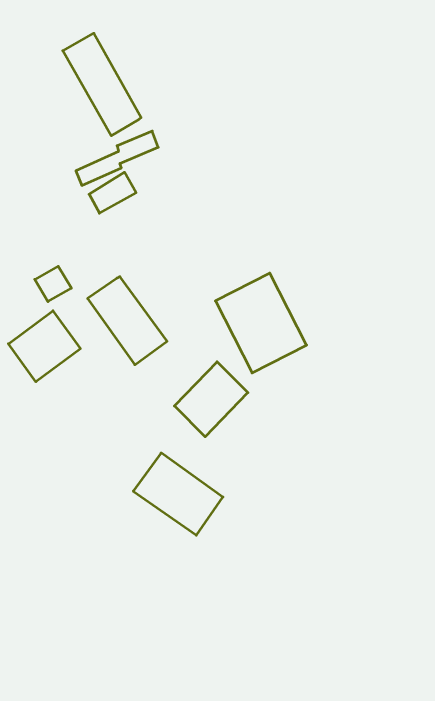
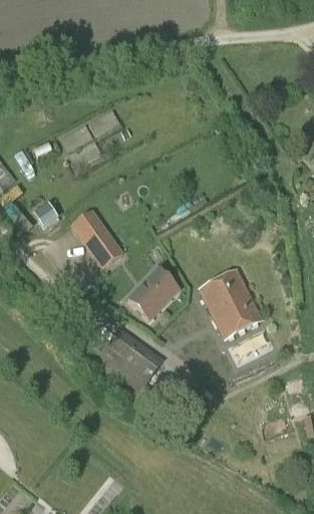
building: [63,33,141,136] -> none
building: [215,273,307,373] -> [200,270,262,338]
building: [8,311,80,382] -> none

